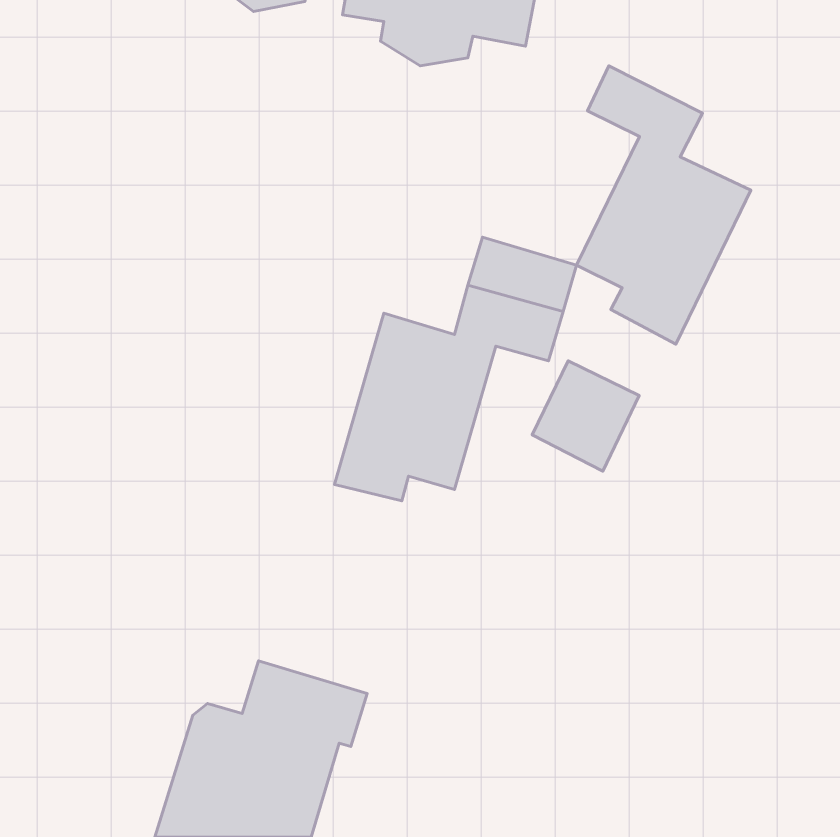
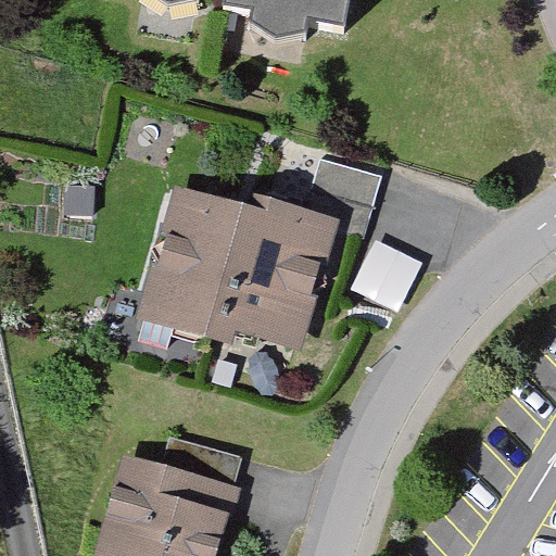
building: [576,66,751,344] -> none
building: none -> [138,201,249,348]

